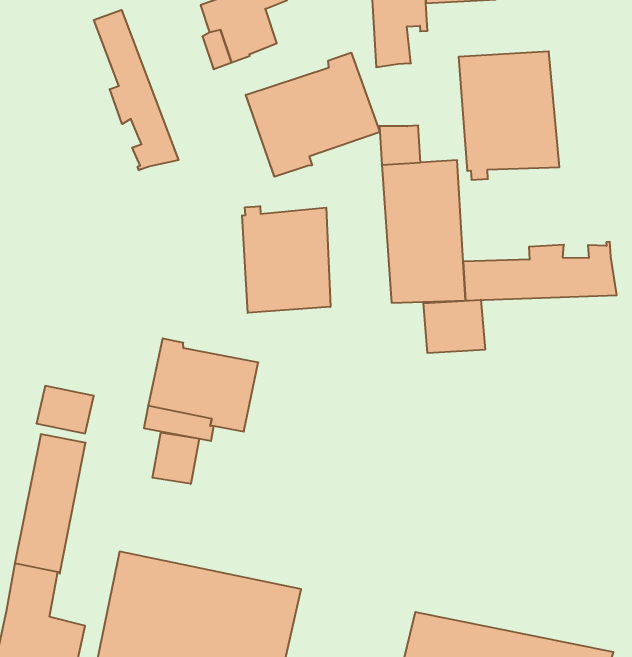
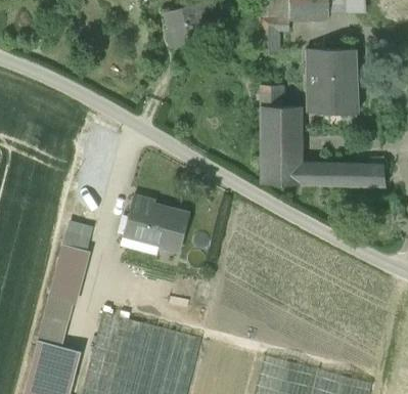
building: [94,10,179,170] -> none
building: [246,53,380,177] -> none
building: [242,206,330,313] -> none
building: [423,300,485,353] -> none
building: [152,432,199,484] -> none

